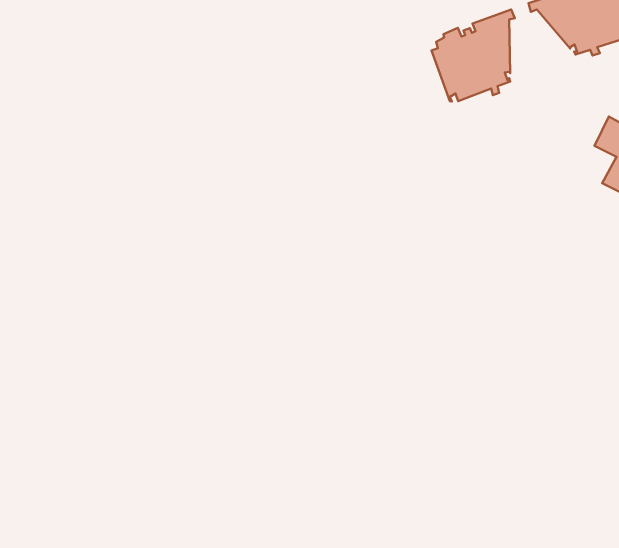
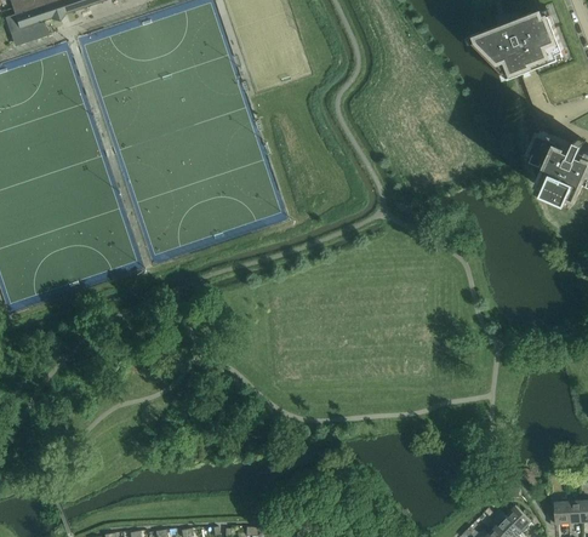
building: [431,9,515,101] -> none

